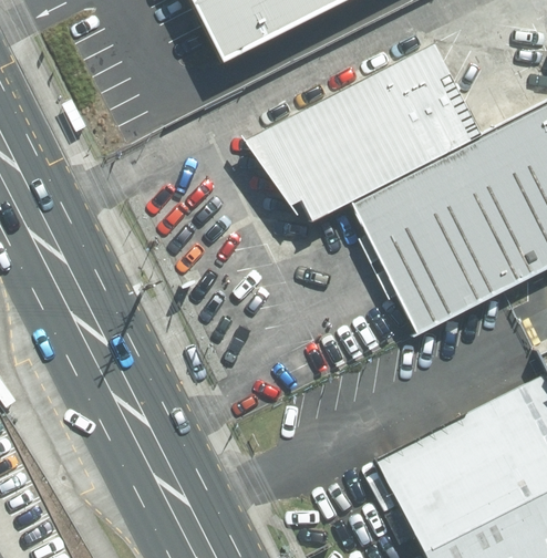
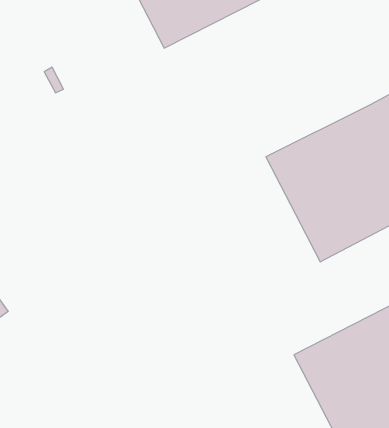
building: [241,45,479,223] -> none

